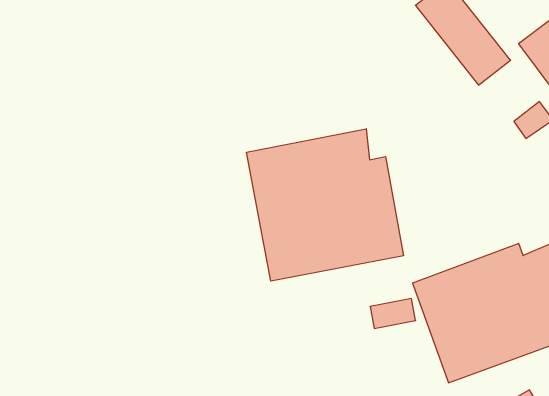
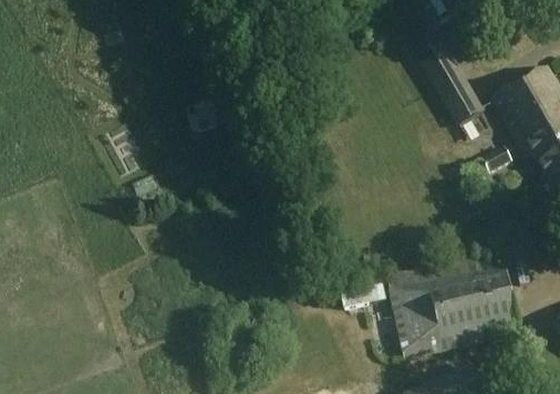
building: [247,129,403,281] -> none

